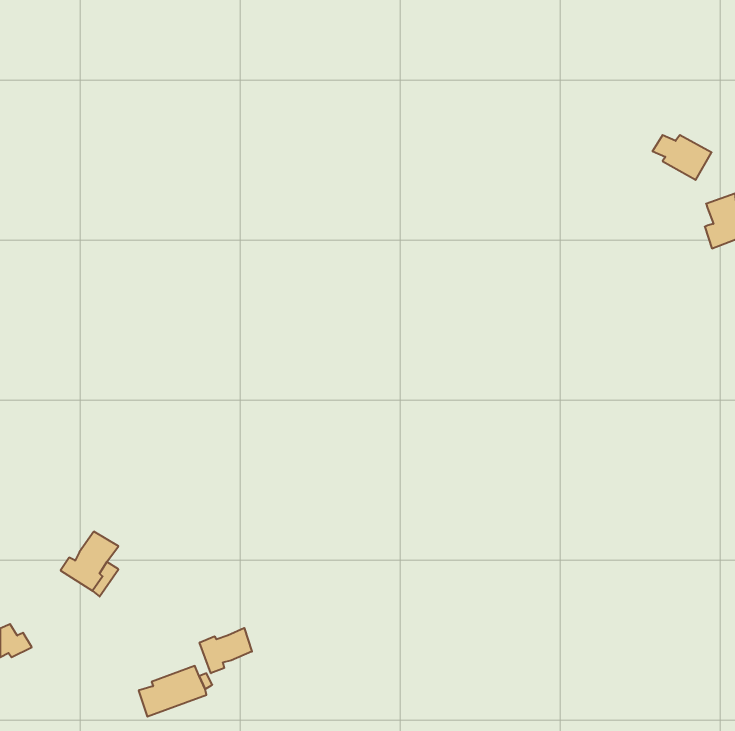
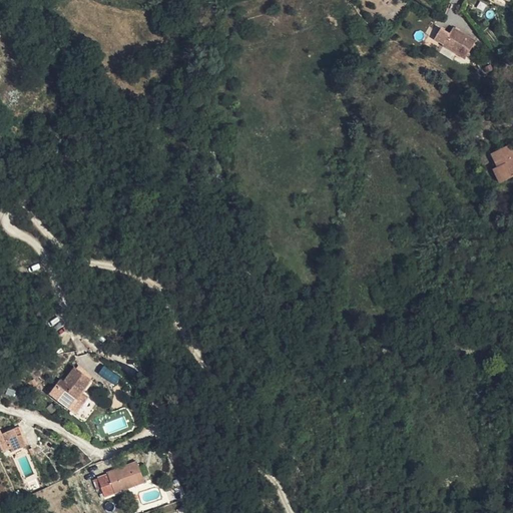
building: [652,135,712,180] -> [440,23,481,54]
building: [200,628,252,673] -> none

